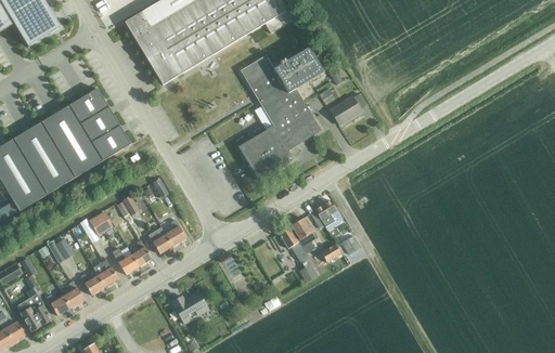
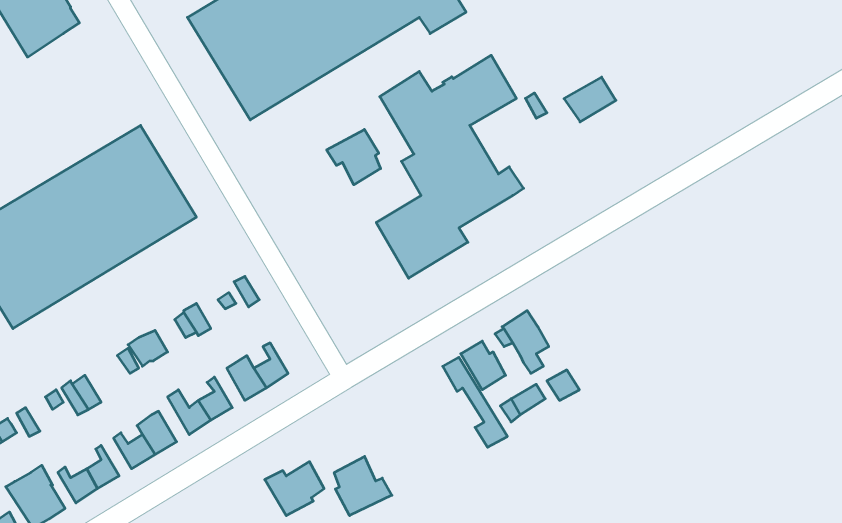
building: none -> [327,129,381,185]
building: [330,97,361,125] -> [564,77,616,122]
building: none -> [334,456,392,516]

